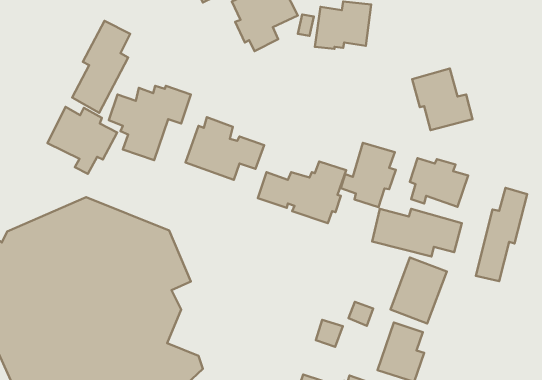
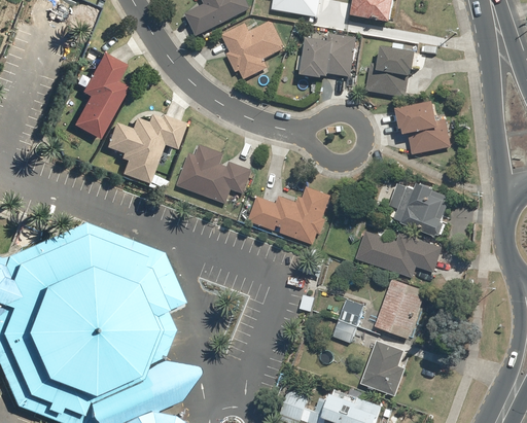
building: none -> [365,47,415,97]
building: [48,107,117,174] -> none
building: [341,143,396,207] -> none
building: [476,188,527,281] -> none
building: [316,320,343,347] -> [340,297,365,323]

